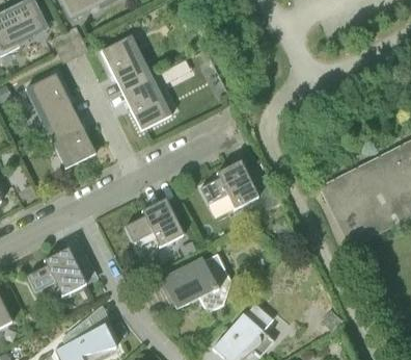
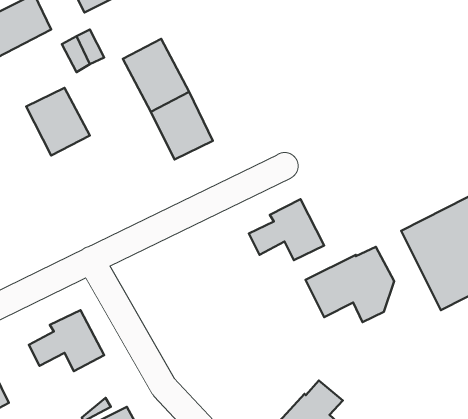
building: [45,110,95,168] -> none
building: [125,198,184,247] -> none
building: [162,253,231,312] -> [306,247,394,322]

